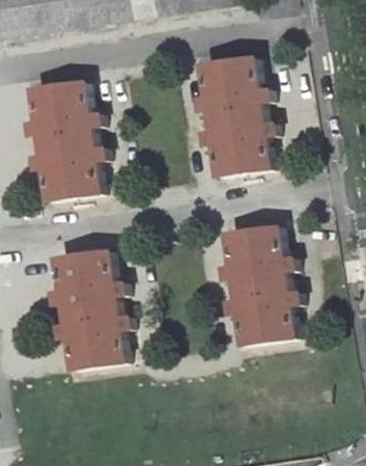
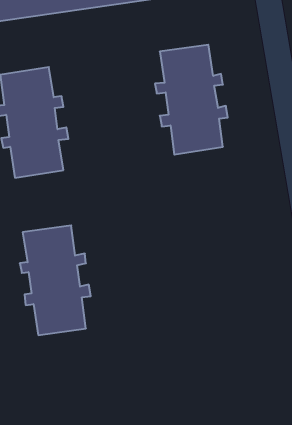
building: [222,227,298,345] -> none

